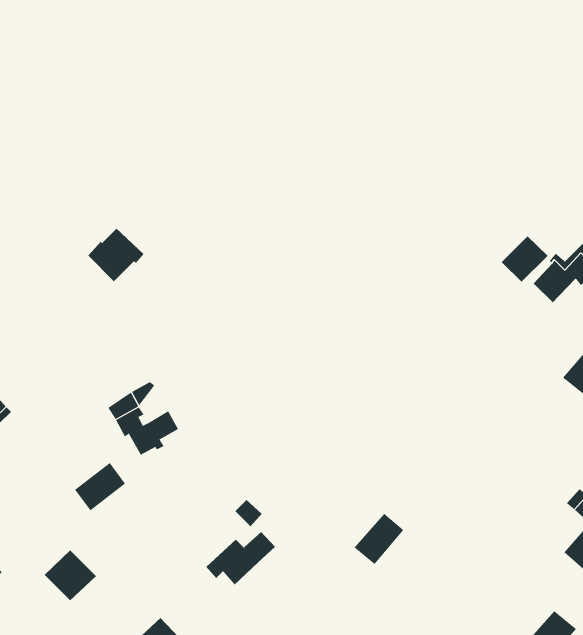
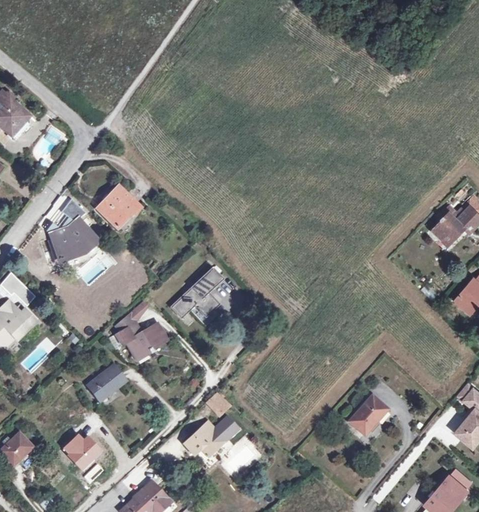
building: [501,235,548,283] -> none
building: none -> [51,218,97,260]
building: none -> [171,268,223,318]
building: [354,513,404,565] -> [349,396,387,435]

